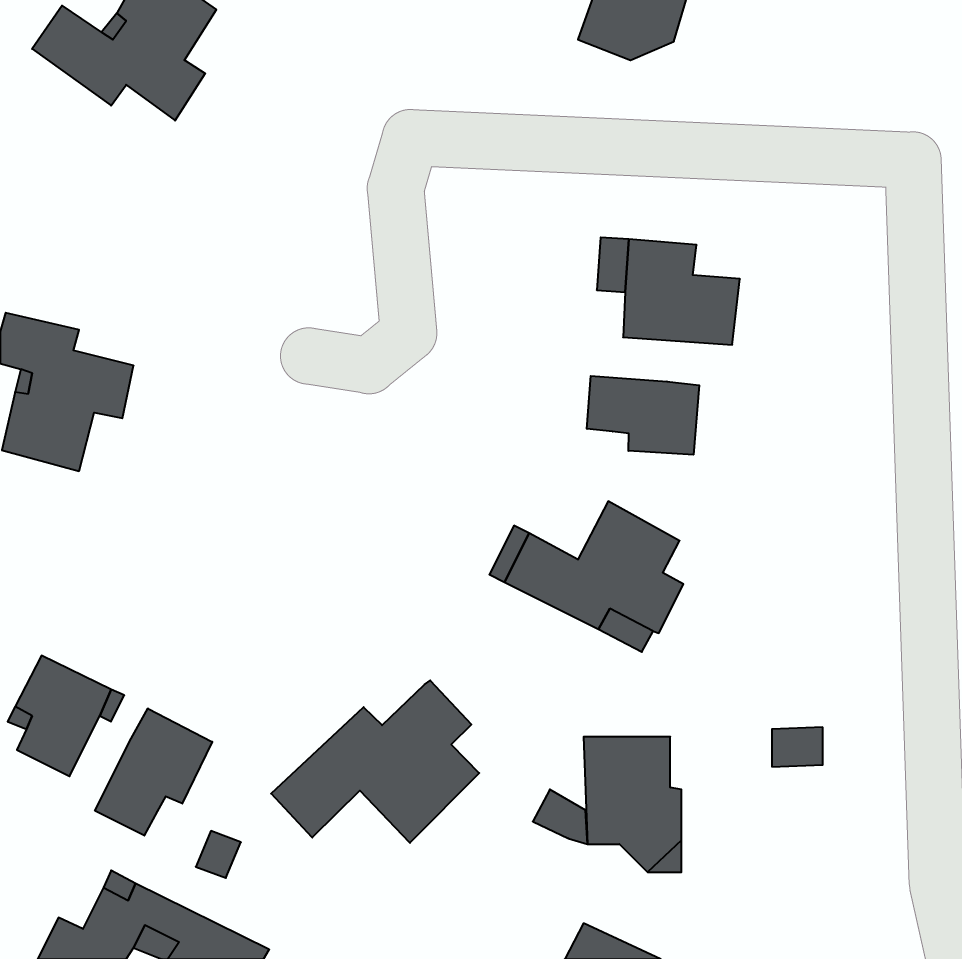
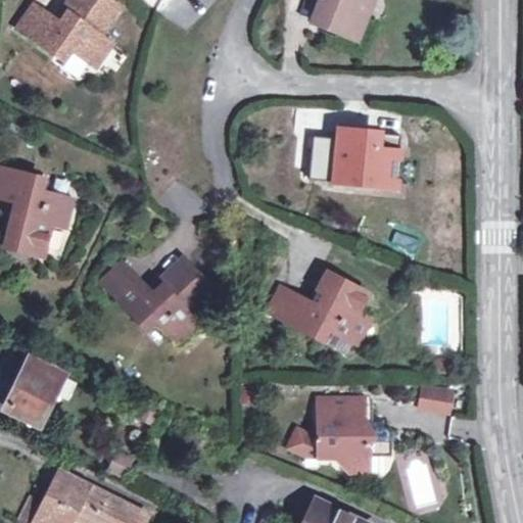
building: [587,376,699,455] -> none
building: none -> [102,257,215,341]
building: [271,680,479,843] -> none
building: [95,708,212,836] -> none

